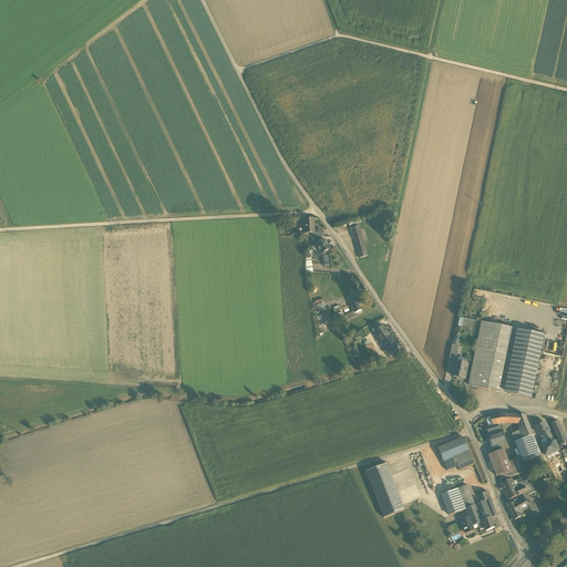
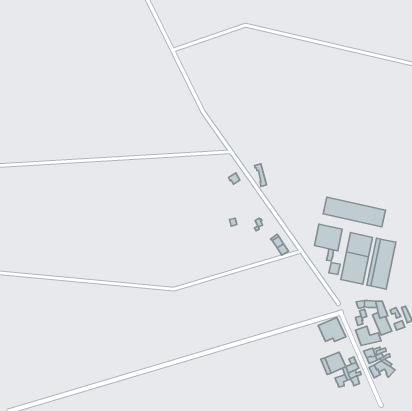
building: none -> [323,197,386,227]
building: none -> [314,224,342,251]
building: [364,462,403,516] -> none

